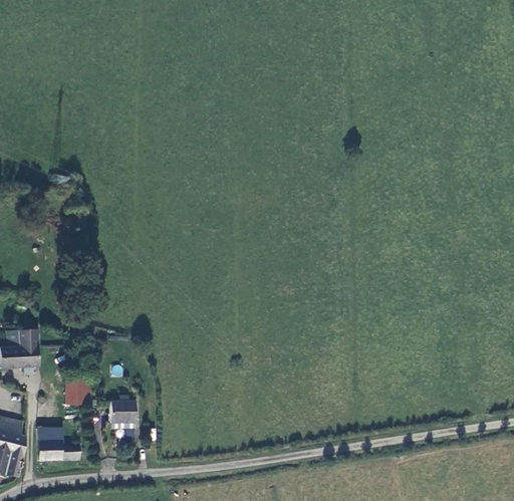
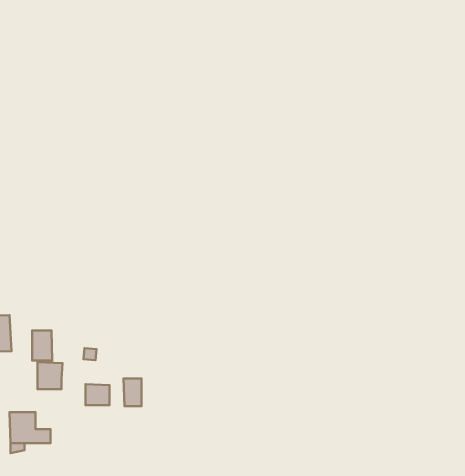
building: none -> [32,330,52,361]
building: none -> [124,379,141,406]

